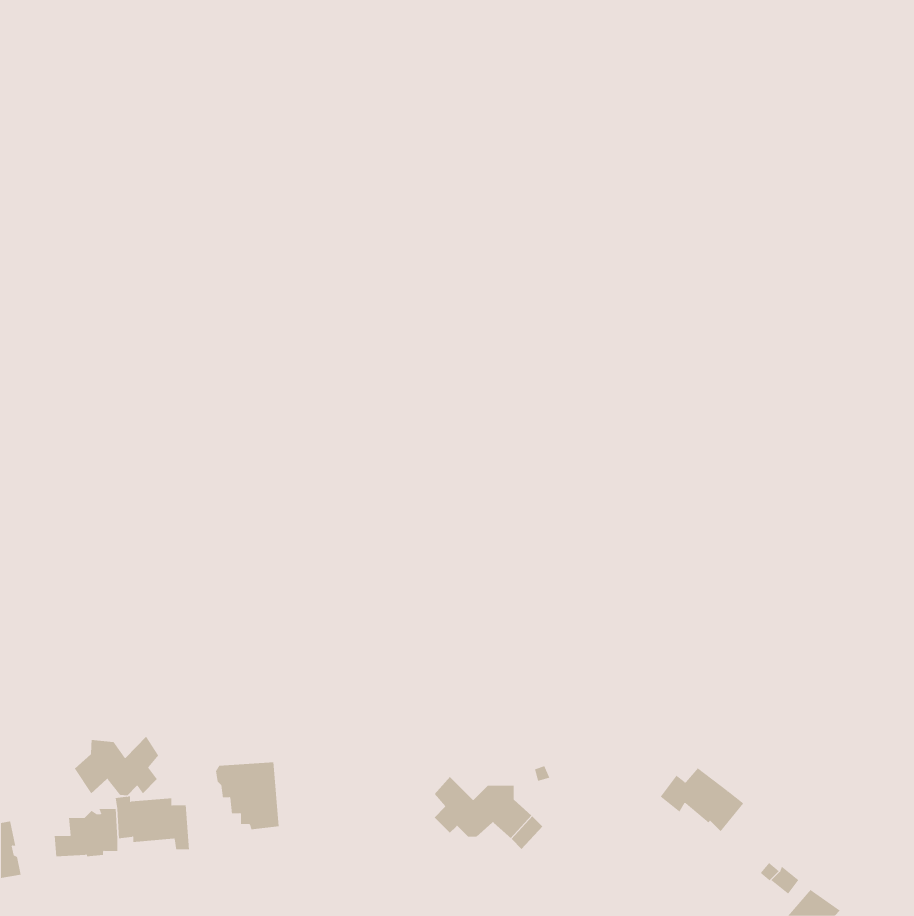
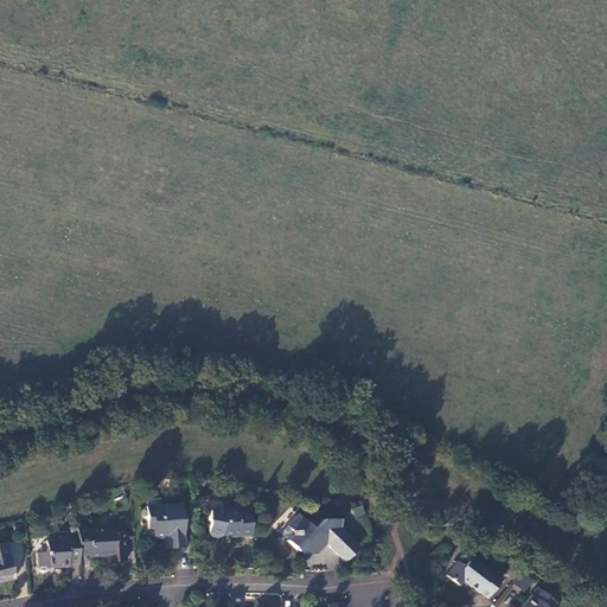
building: [74,736,159,796] -> none
building: none -> [210,507,253,536]
building: [660,768,744,832] -> [447,556,503,599]

